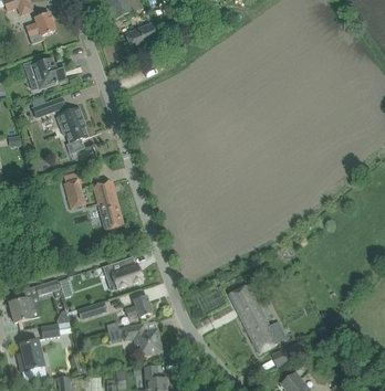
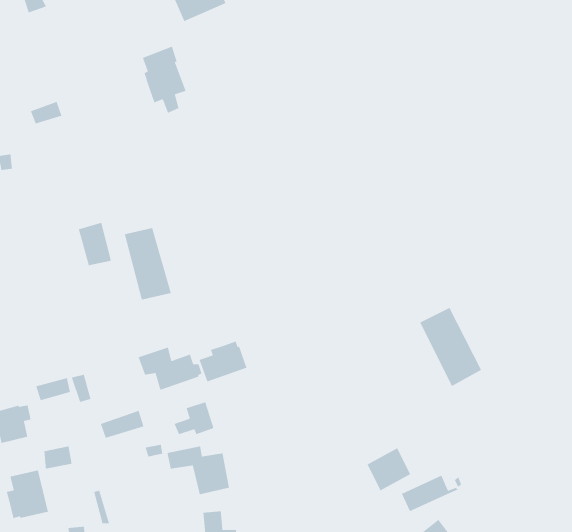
building: [23,59,65,89] -> none
building: [59,107,87,151] -> [142,45,186,114]
building: none -> [199,341,248,383]
building: [229,284,270,336] -> [419,307,482,387]

